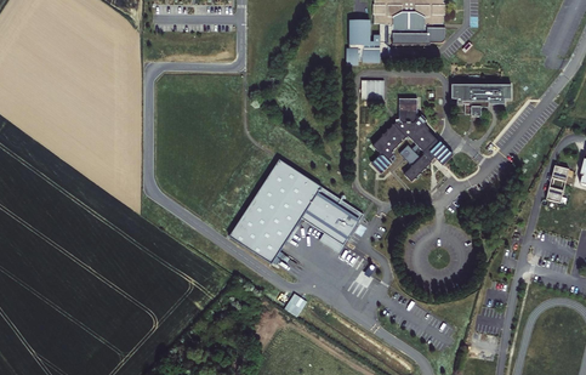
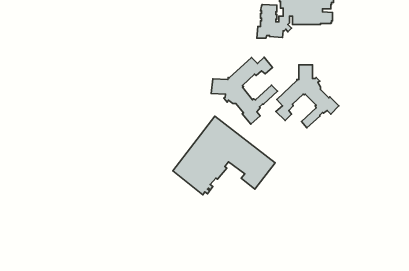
building: [451,81,511,113] -> none
building: none -> [211,57,277,124]

